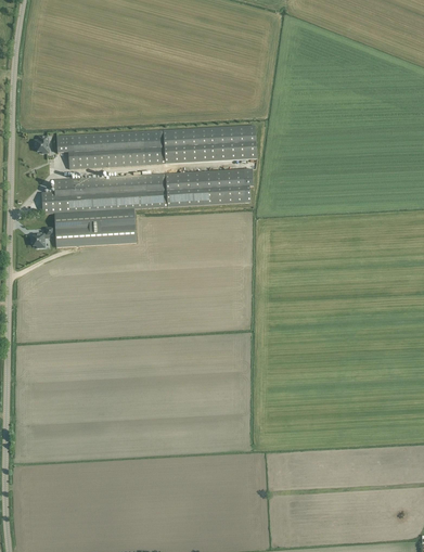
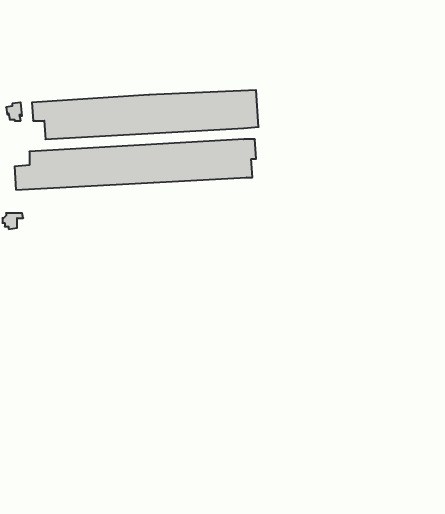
building: [53,208,134,246] -> none

